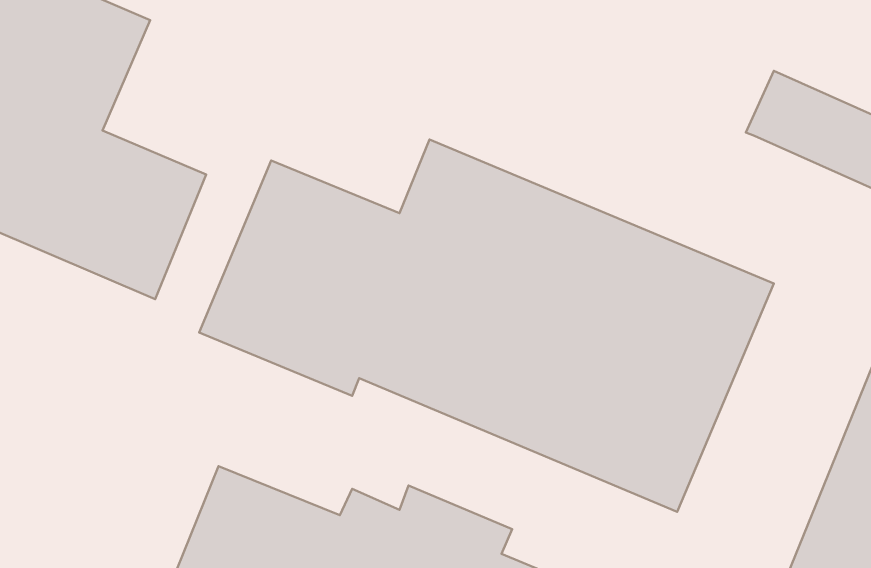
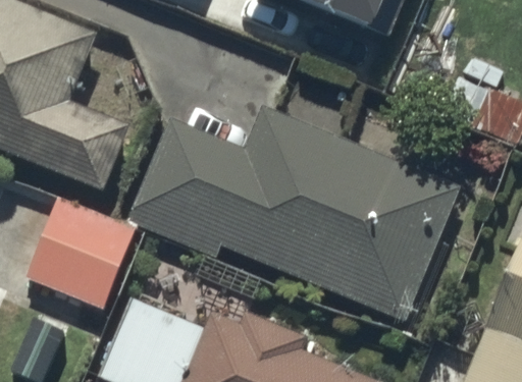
building: none -> [24,198,134,307]

